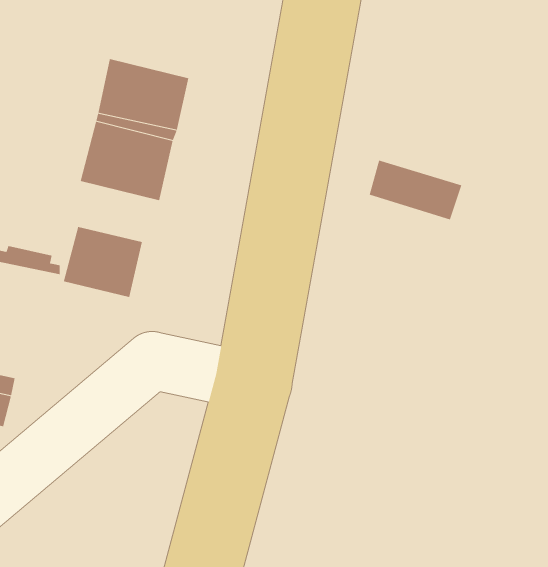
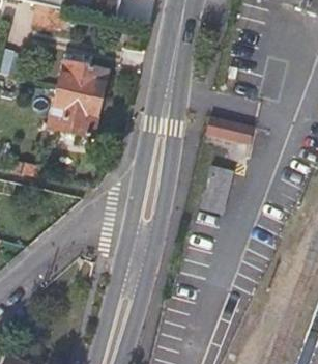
building: [63,226,143,298] -> none
building: none -> [201,165,235,214]

